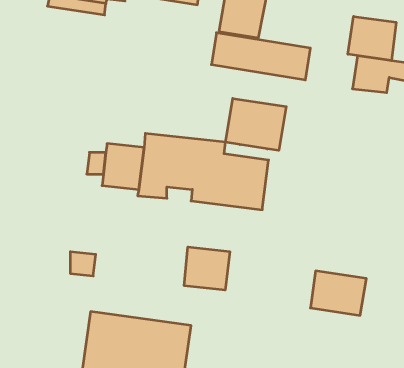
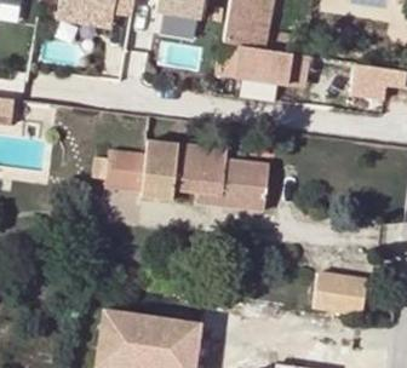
building: [348,16,396,61] -> none
building: [225,98,286,150] -> none
building: [184,247,230,290] -> none

